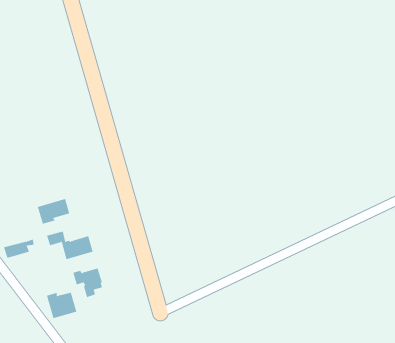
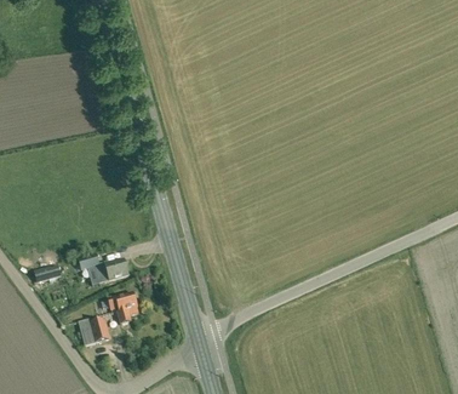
building: [37,198,70,225] -> none

